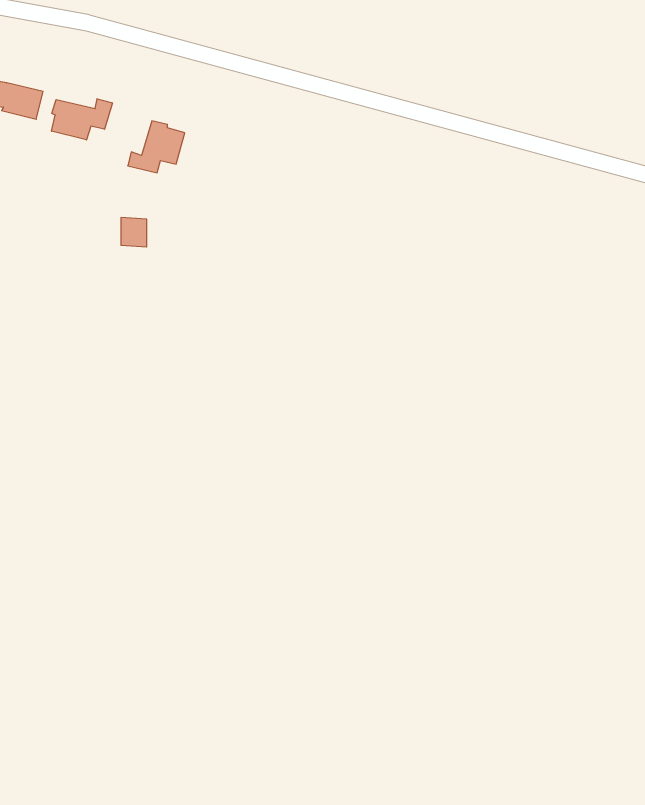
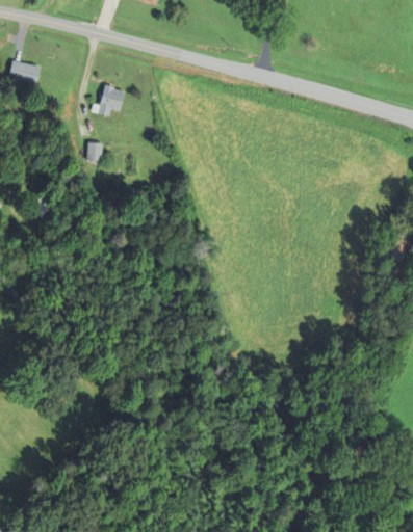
building: [52,99,112,140] -> none

